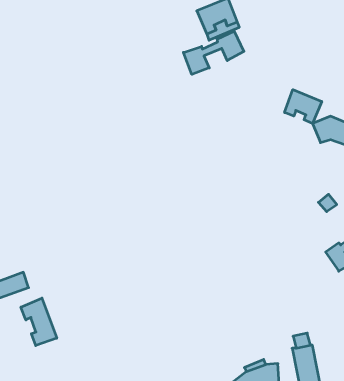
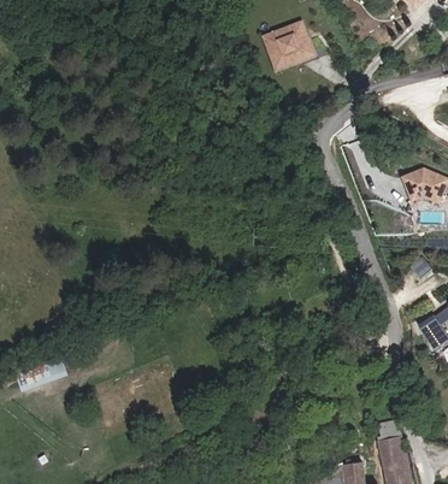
building: [183,31,244,74] -> none
building: [285,90,322,123] -> none
building: [21,298,57,346] -> none

